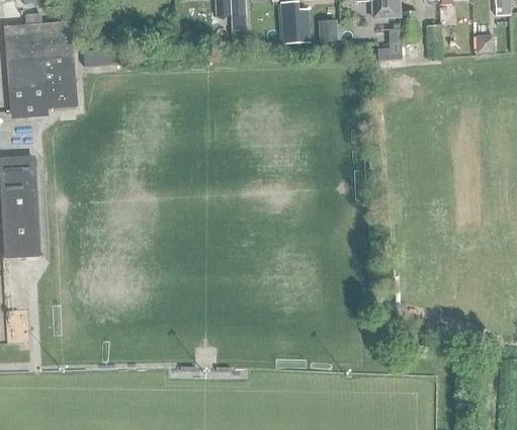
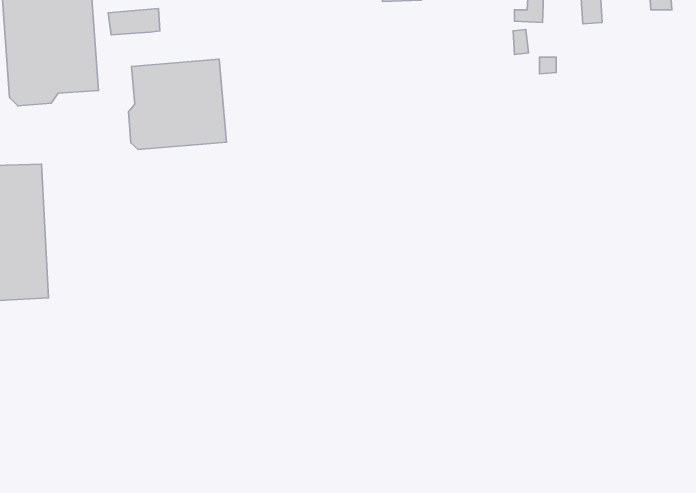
building: none -> [128,59,227,150]

